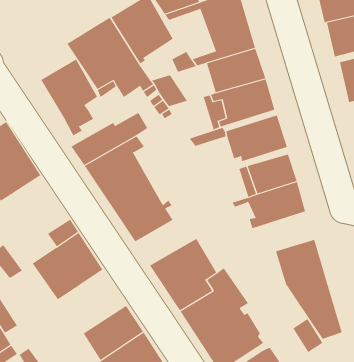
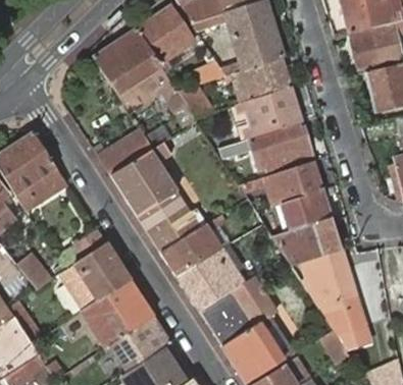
building: [41,58,98,136] -> none
building: none -> [275,222,342,265]
building: none -> [161,225,221,276]
building: none -> [81,280,153,347]

